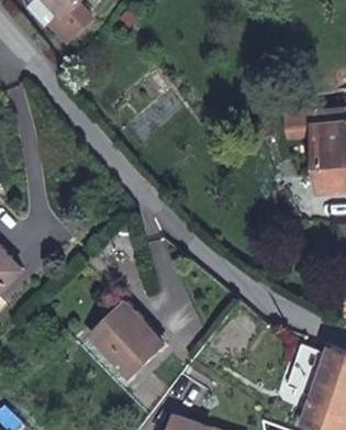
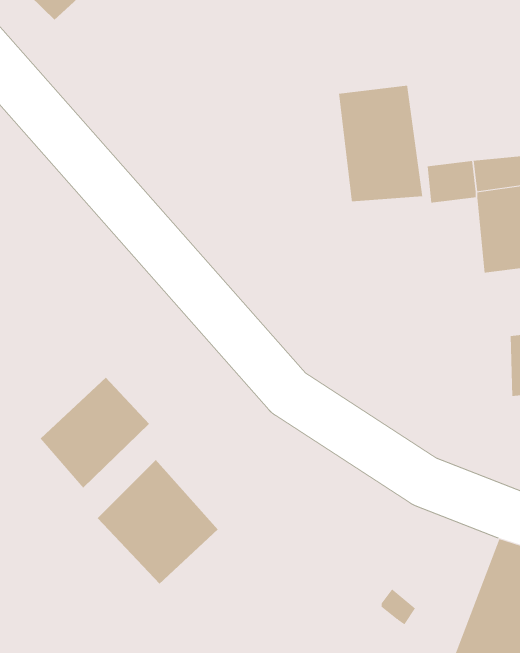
building: none -> [339,85,423,202]
building: none -> [40,377,150,489]

